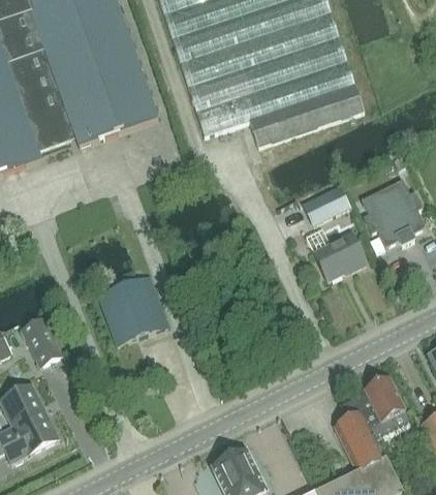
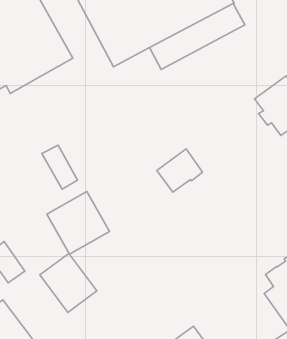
building: [303,185,350,223] -> none
building: none -> [42,145,78,189]
building: [313,231,366,279] -> [157,149,203,192]
building: none -> [40,253,97,312]

